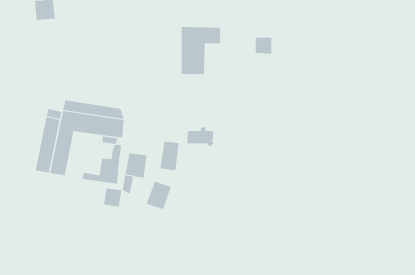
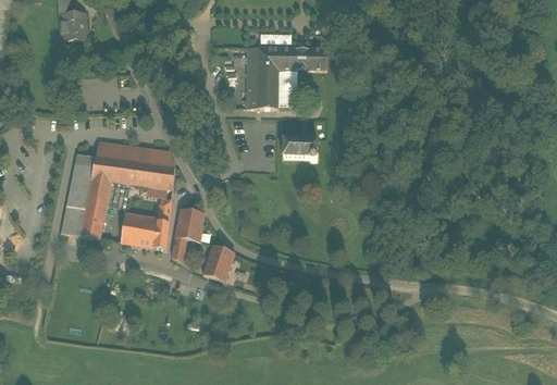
building: [255,37,272,54] -> [306,48,327,70]
building: [186,127,214,147] -> [283,134,318,159]
building: [160,141,179,171] -> none
building: [103,188,122,207] -> [122,211,146,236]

